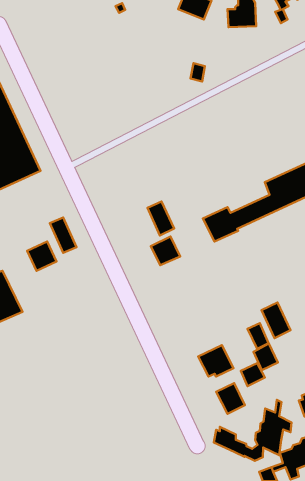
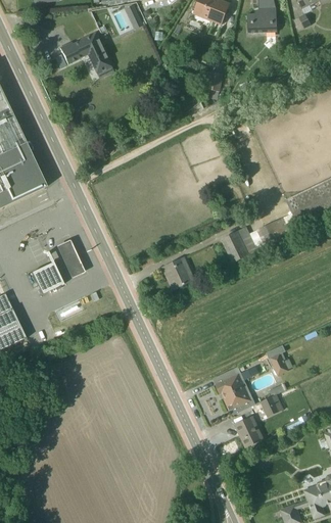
building: none -> [59,30,112,74]
building: [147,202,174,235] -> none
building: [261,302,291,338] -> none
building: [253,344,278,370] -> none
building: [214,400,292,461] -> none

